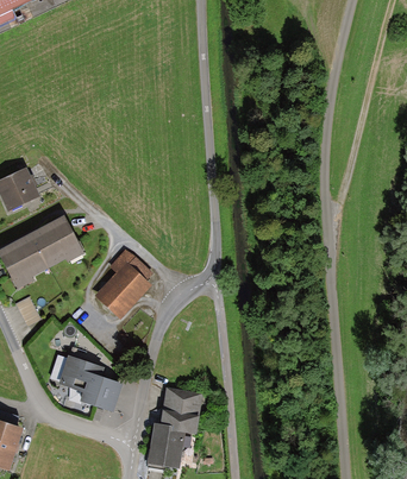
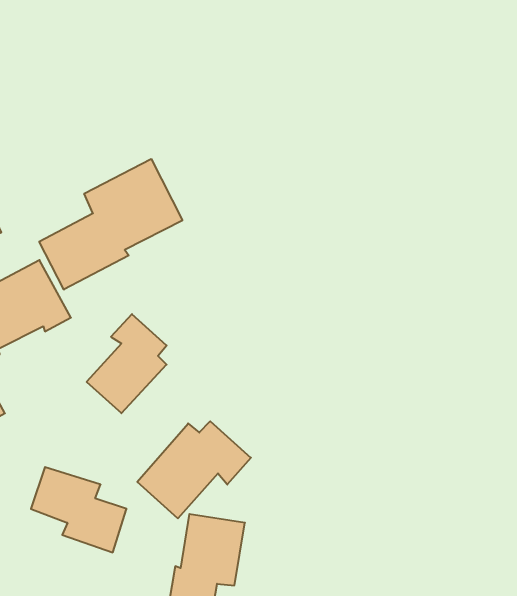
building: none -> [39,159,182,290]
building: none -> [137,421,251,518]

